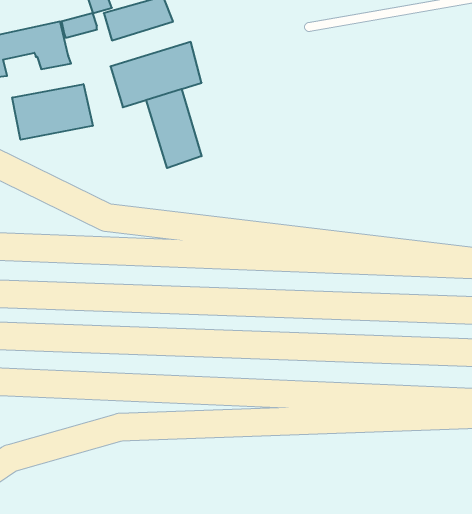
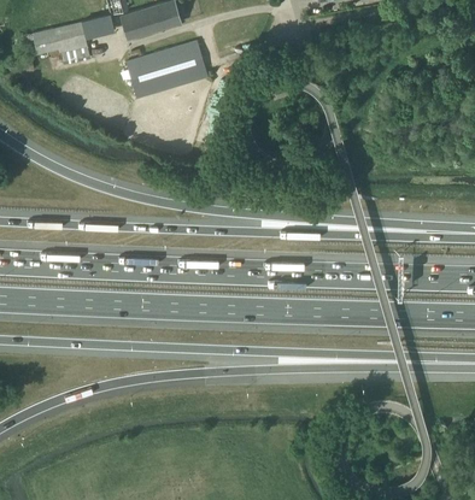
building: [12,84,93,140] -> none
building: [146,89,202,168] -> none

